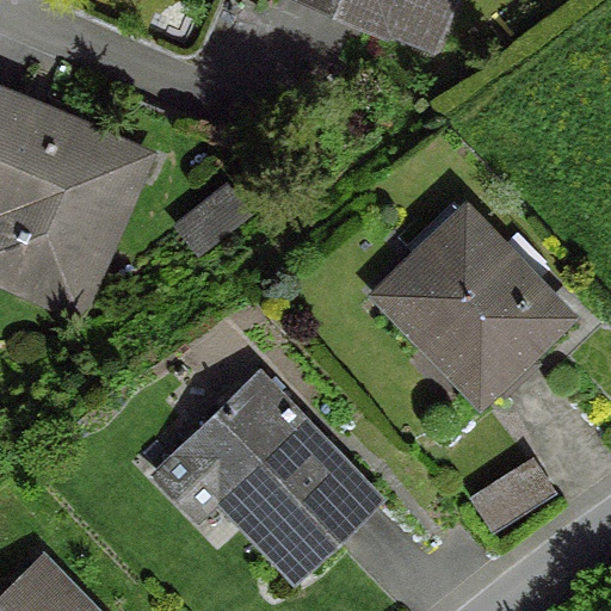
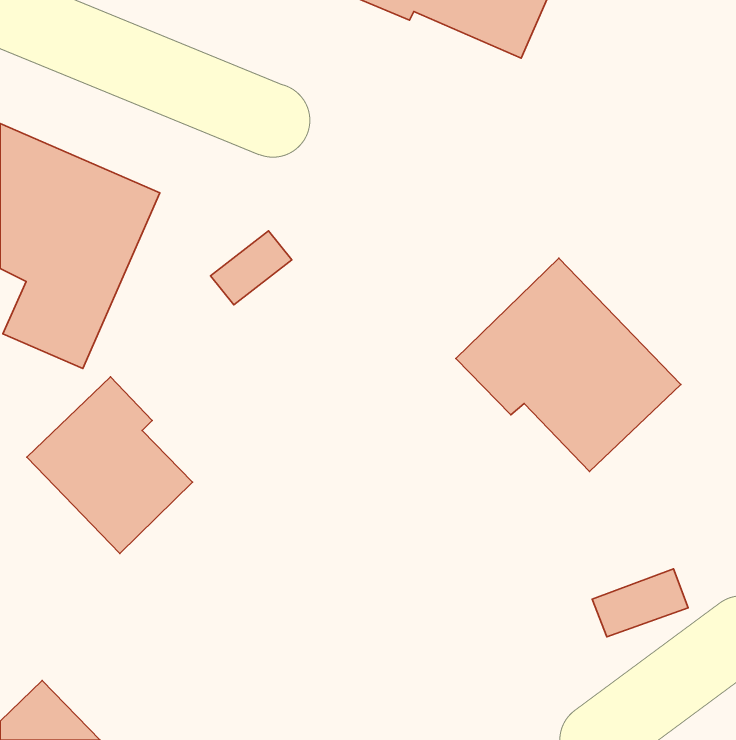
building: none -> [27,377,193,553]
building: [154,372,378,580] -> none

